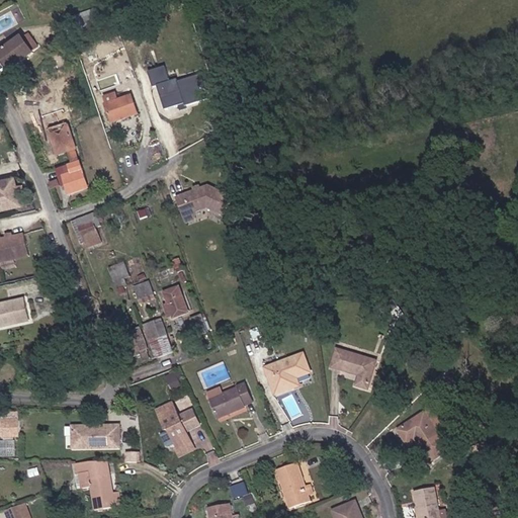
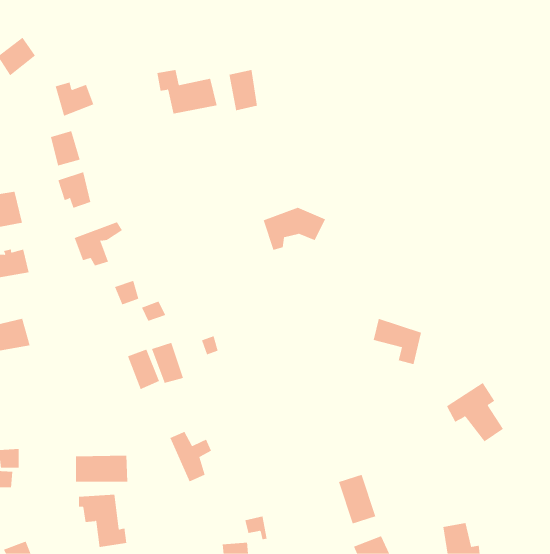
building: none -> [229,69,257,111]
building: [101,91,138,123] -> [55,82,94,117]
building: [173,184,232,225] -> [263,207,326,251]
building: [162,285,189,320] -> none
building: [331,347,376,391] -> [373,318,422,365]
building: [262,352,311,396] -> none
building: [205,382,253,419] -> none
building: [396,406,449,461] -> [446,382,504,442]
building: [274,462,310,509] -> [338,474,376,524]

